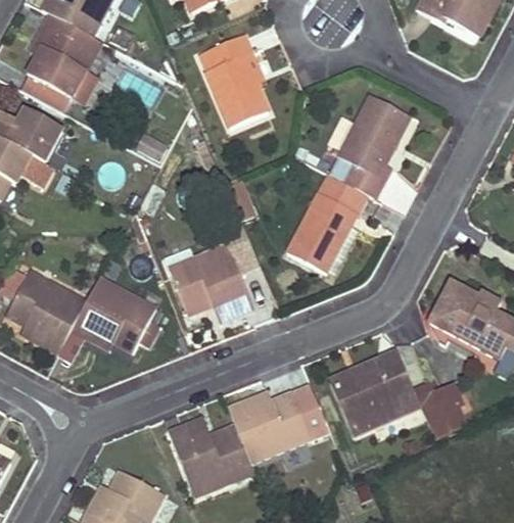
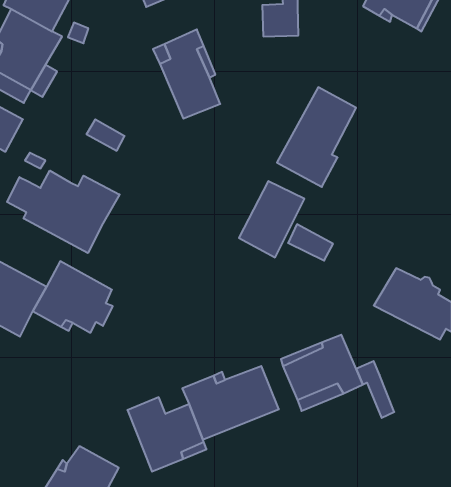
building: [318,174,365,211] -> [288,224,333,261]
building: none -> [7,171,120,253]
building: [169,218,258,321] -> none
building: [434,387,468,434] -> none

